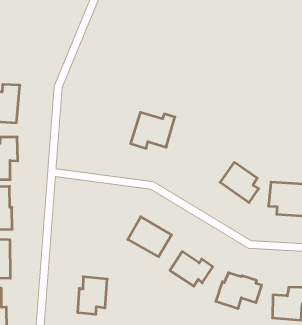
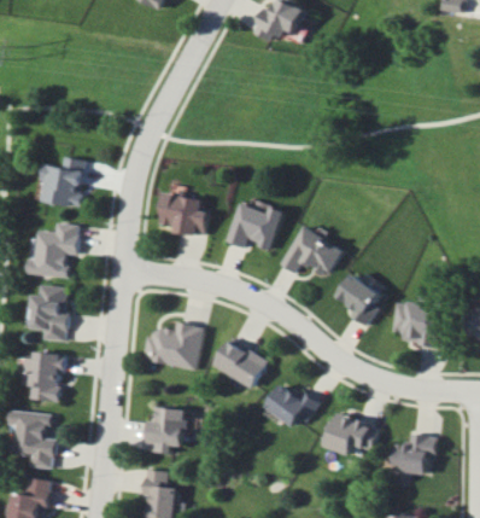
building: none -> [160,192,207,237]
building: none -> [281,227,343,275]
building: none -> [144,320,205,371]

